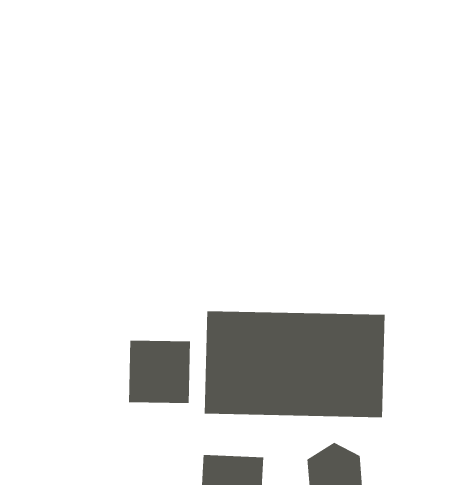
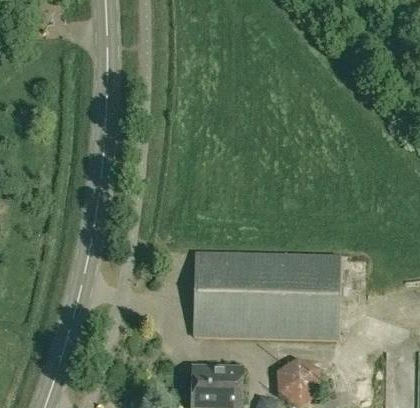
building: [128,340,191,404] -> none

